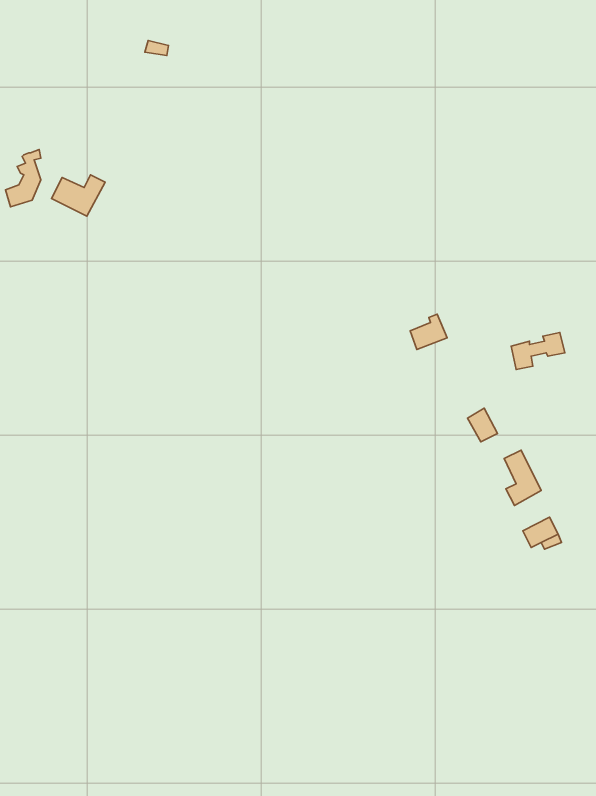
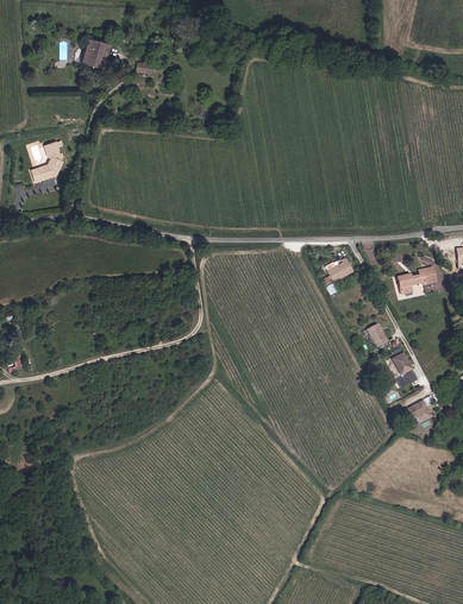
building: none -> [83,39,110,68]
building: [52,175,105,216] -> none

